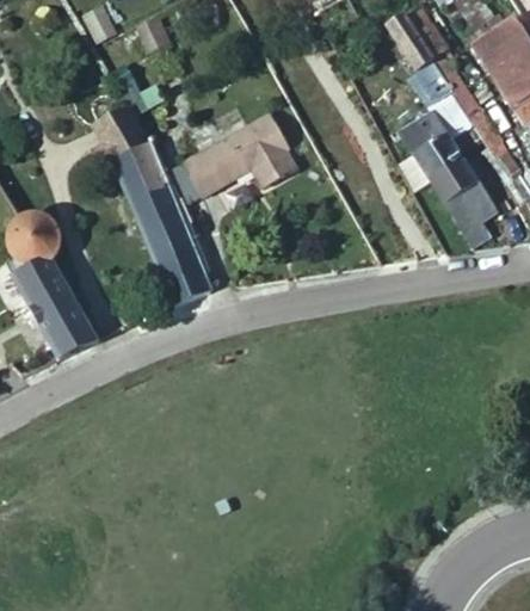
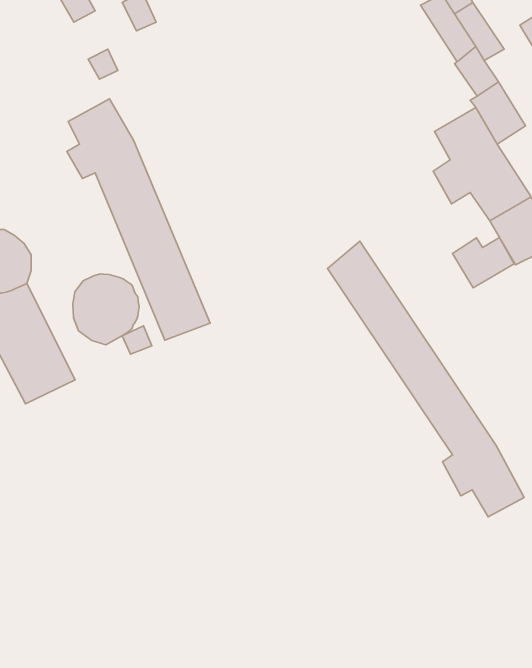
building: [184,115,294,196] -> none
building: none -> [452,237,514,288]
building: none -> [328,241,524,517]
building: none -> [73,274,139,345]

